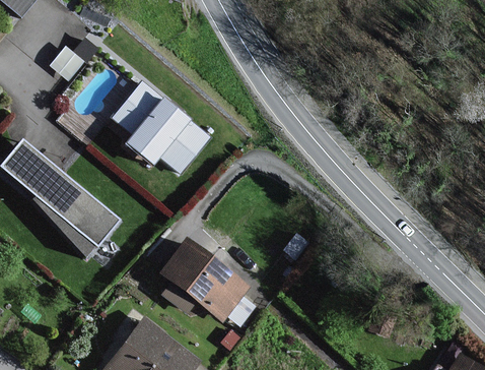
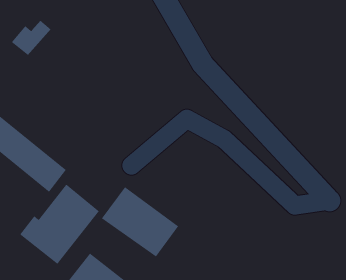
building: [113,80,211,173] -> none
building: none -> [19,184,100,265]

